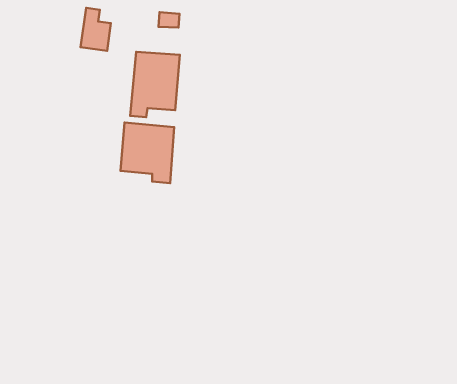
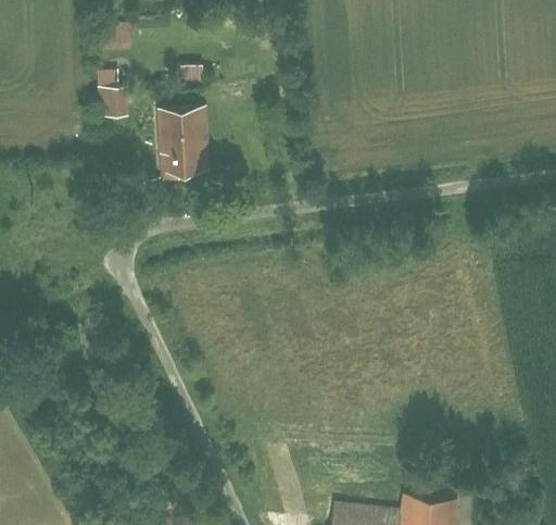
building: [121,122,174,183] -> none

